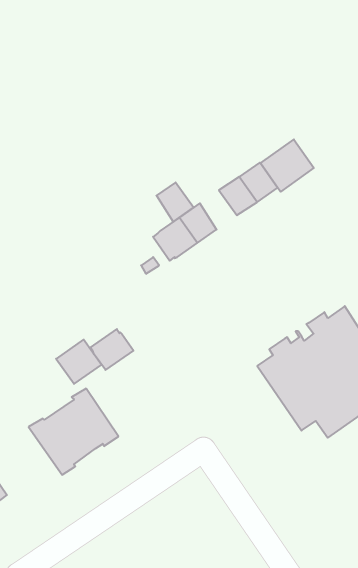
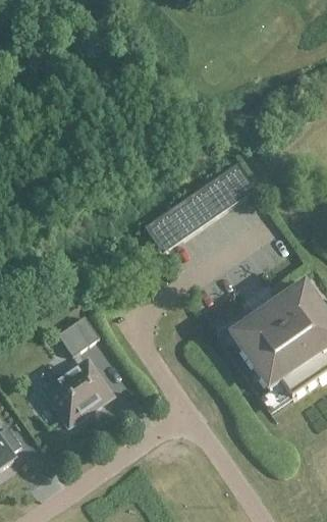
building: [261,139,314,192] -> none
building: [156,182,194,222] -> [184,187,216,220]
building: [90,329,133,370] -> none

